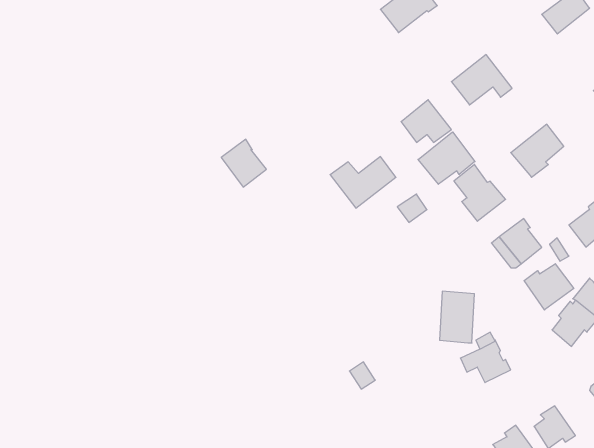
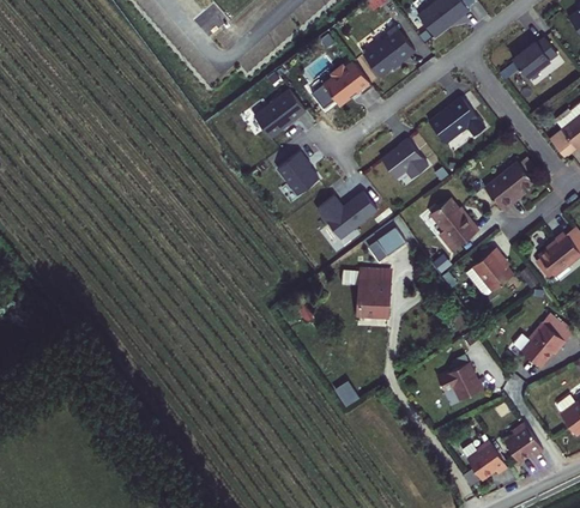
building: none -> [322,61,371,105]
building: none -> [254,90,306,139]
building: [418,132,475,184] -> none
building: [221,139,266,187] -> [273,149,315,193]
building: [524,264,574,310] -> none
building: [440,291,474,343] -> [356,270,388,318]

